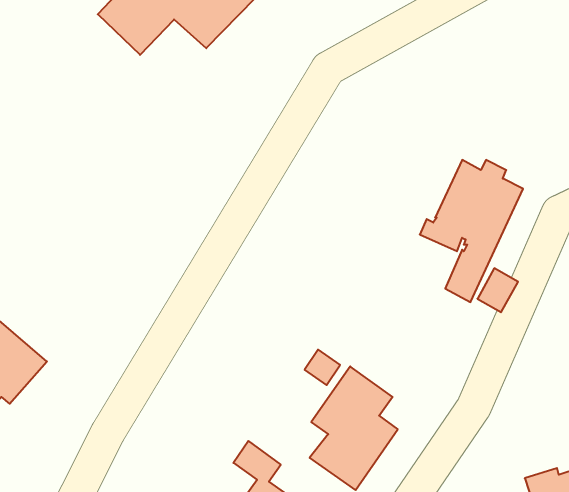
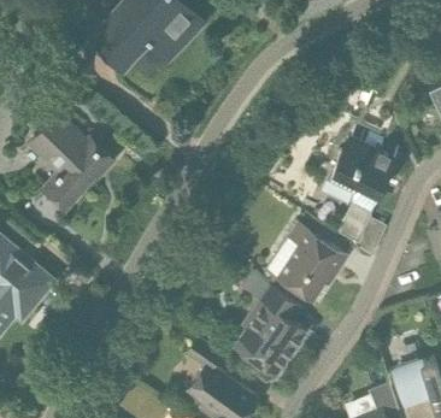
building: none -> [31,117,113,207]
building: none -> [266,224,347,301]

